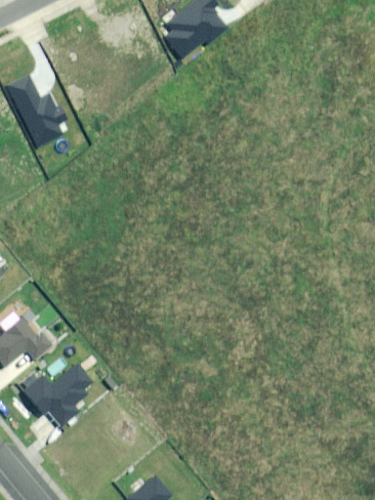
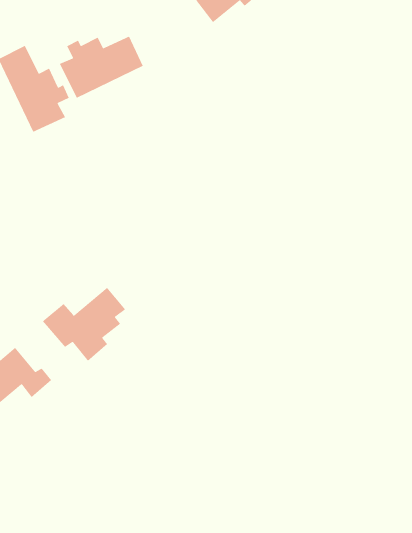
building: none -> [59,36,144,99]
building: [24,361,91,421] -> [42,287,126,362]

